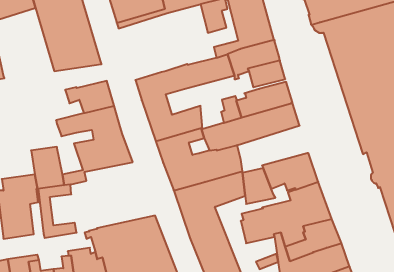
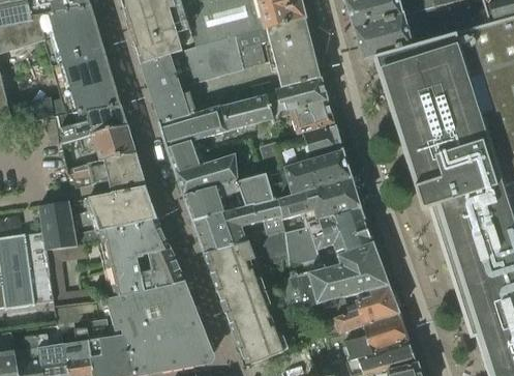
building: none -> [141,35,244,121]
building: none -> [58,105,127,140]
building: none -> [278,176,360,231]
building: none -> [101,219,184,295]

